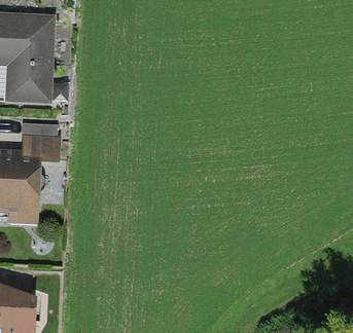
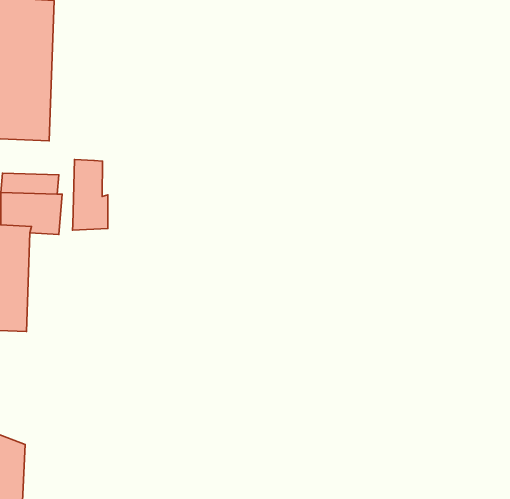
building: none -> [73,159,108,230]

